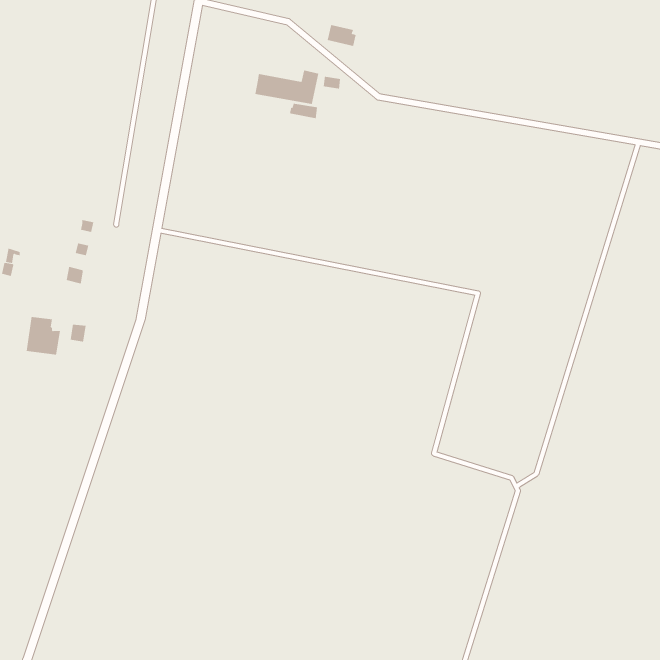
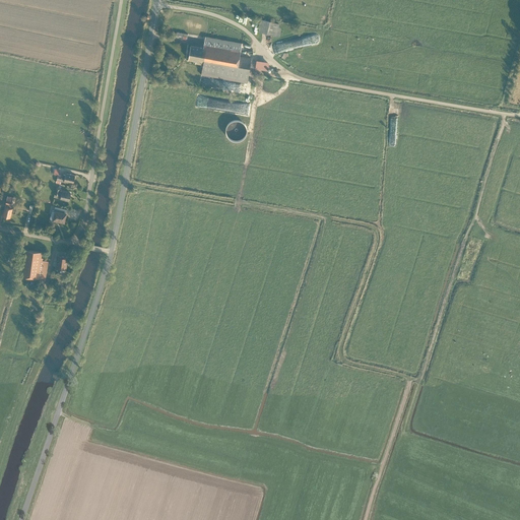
building: none -> [188,36,241,64]

